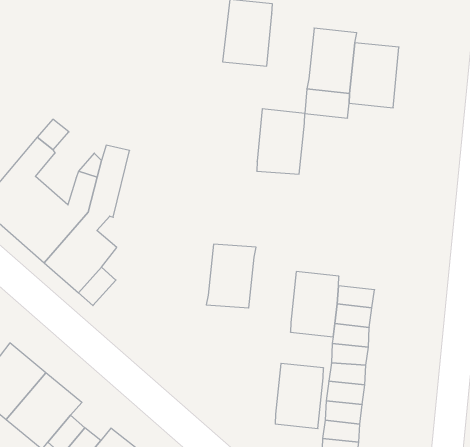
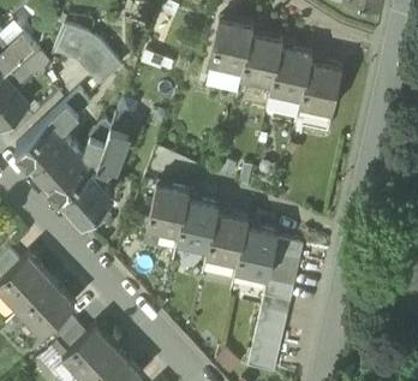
building: none -> [53,26,119,88]
building: [257,109,305,174] -> [241,36,282,88]
building: none -> [147,187,189,239]
building: [275,363,324,429] -> [207,215,247,267]

